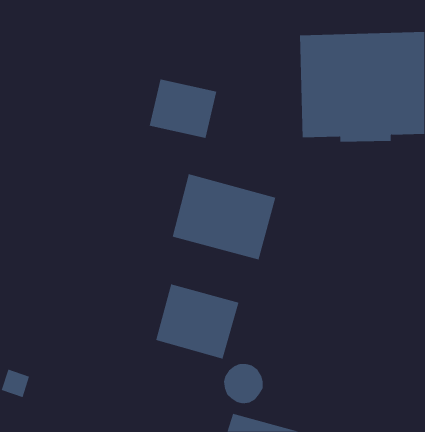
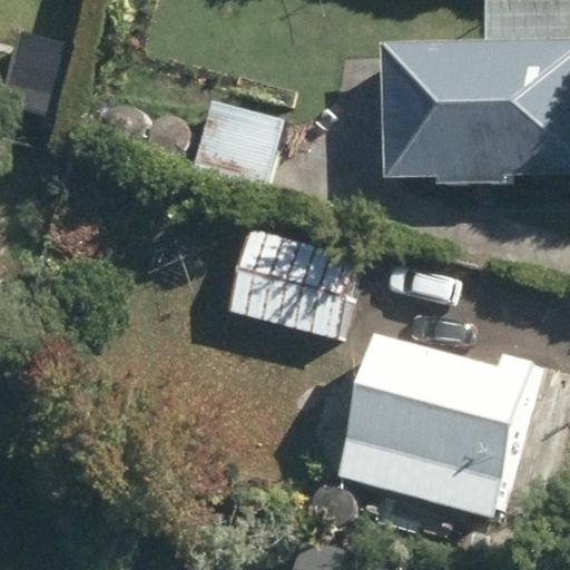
building: none -> [355,336,541,507]
building: [155,284,239,359] -> none

